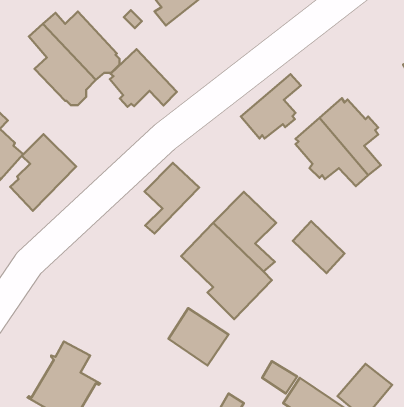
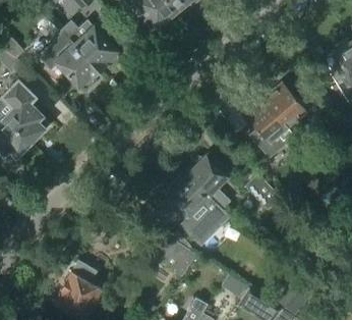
building: [110,49,177,107] -> none
building: [241,74,301,139] -> none
building: [10,134,76,211] -> none
building: [144,163,199,233] -> none

